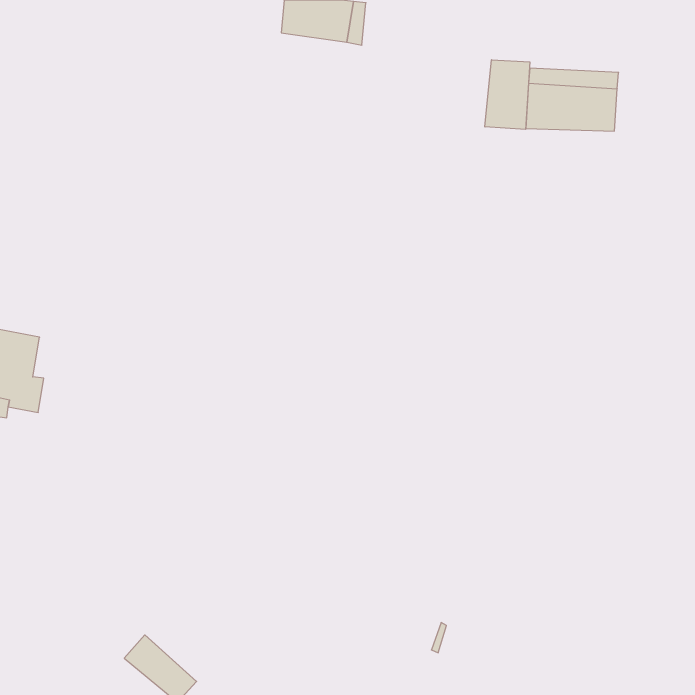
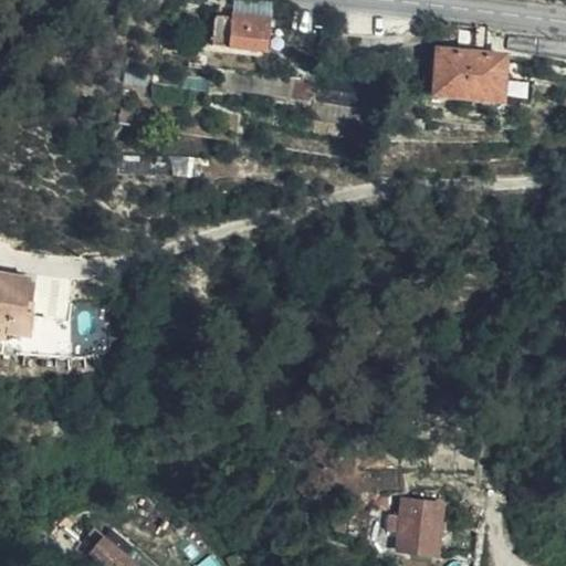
building: [485,60,530,129] -> none
building: none -> [388,499,442,556]

